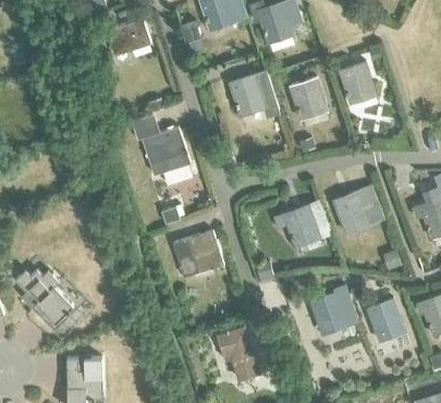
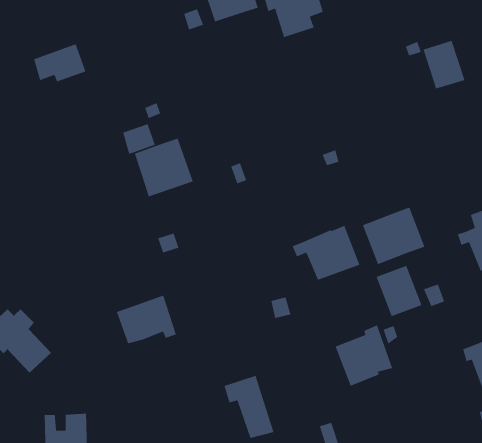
building: [107,21,151,53] -> [33,43,86,82]
building: [339,63,375,105] -> [422,40,465,90]
building: [229,72,279,118] -> none
building: [290,78,327,121] -> none
building: [172,231,223,272] -> [116,295,177,344]
building: [366,298,405,342] -> [376,265,423,317]

